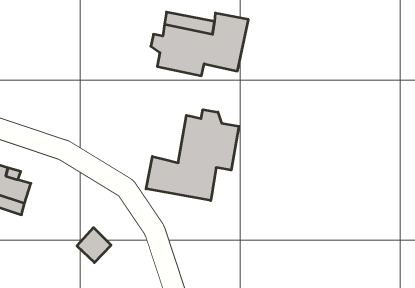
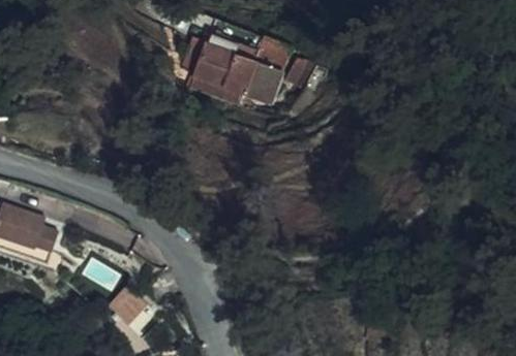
building: [146,110,239,201] -> none

